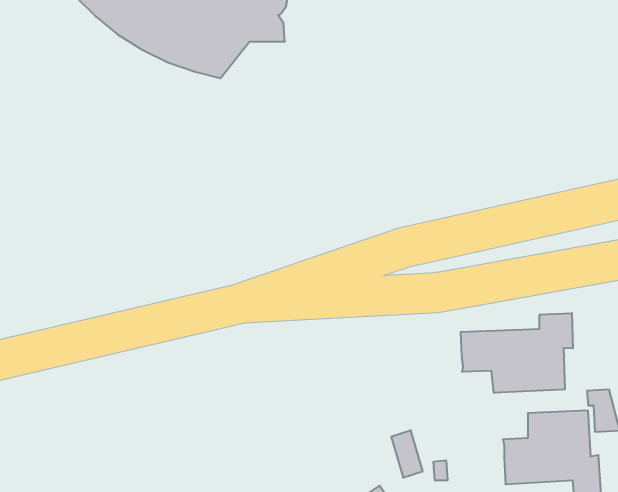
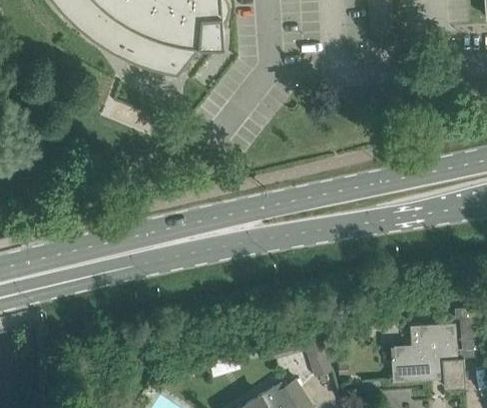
building: [461,313,573,393] -> none

